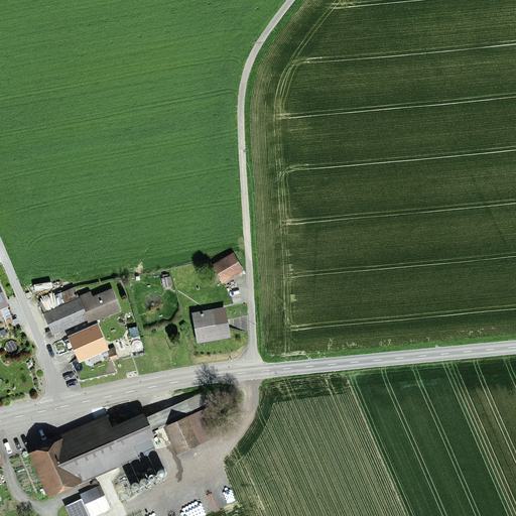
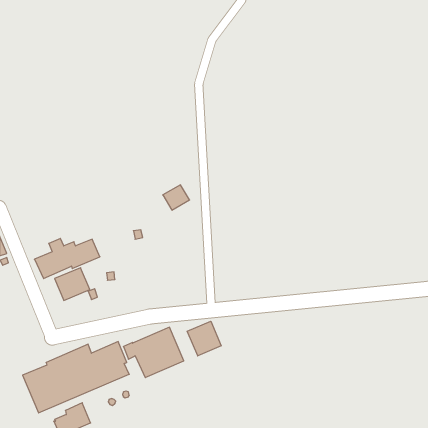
building: [211,253,243,283] -> [163,185,190,210]
building: [190,307,230,344] -> none
building: none -> [187,321,221,356]

